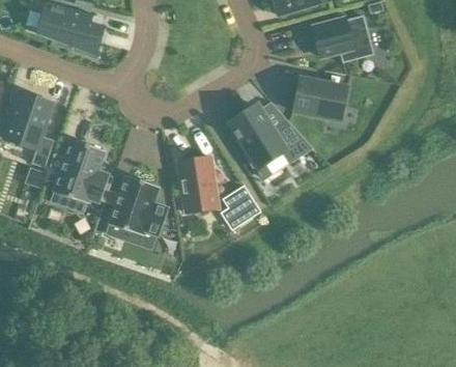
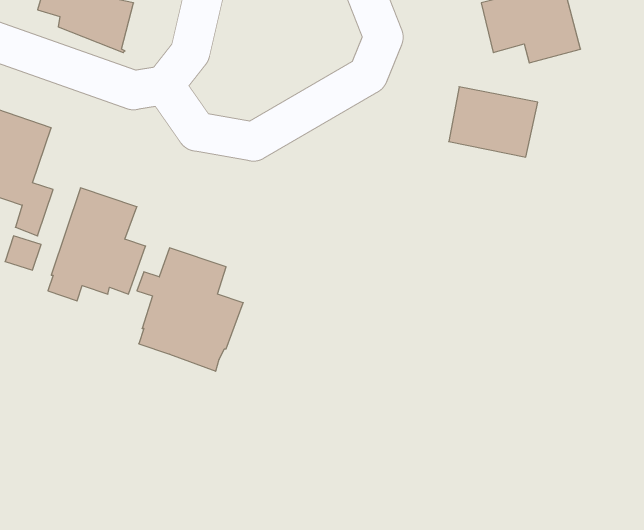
building: [230,109,315,168] -> none
building: [177,156,218,211] -> none
building: [222,186,260,228] -> none

